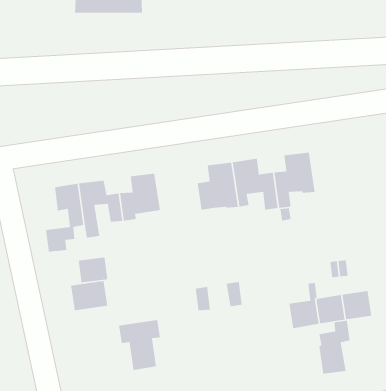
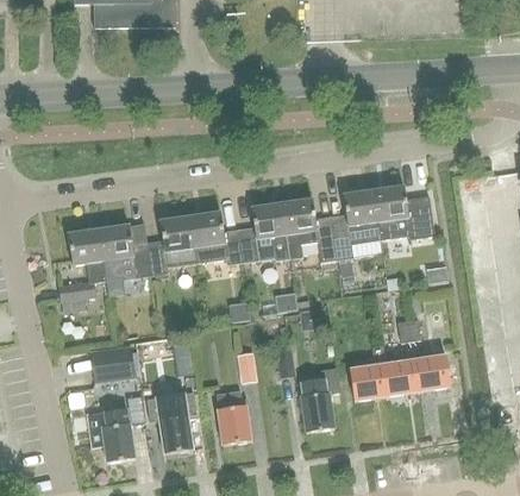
building: none -> [374,186,434,239]
building: none -> [189,211,244,263]
building: [78,257,108,283] -> none
building: [319,320,350,375] -> [301,366,339,432]
building: none -> [217,391,251,445]
building: none -> [87,407,134,460]

